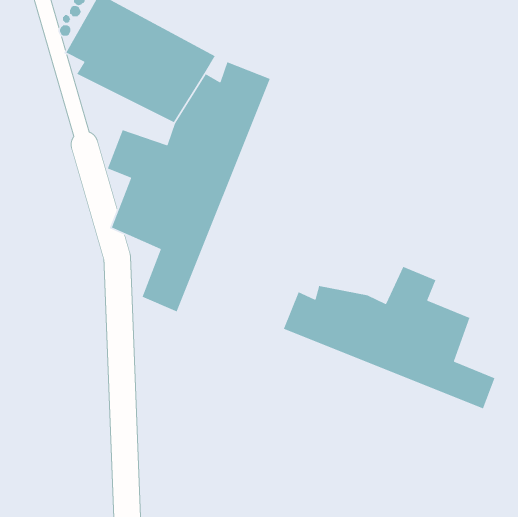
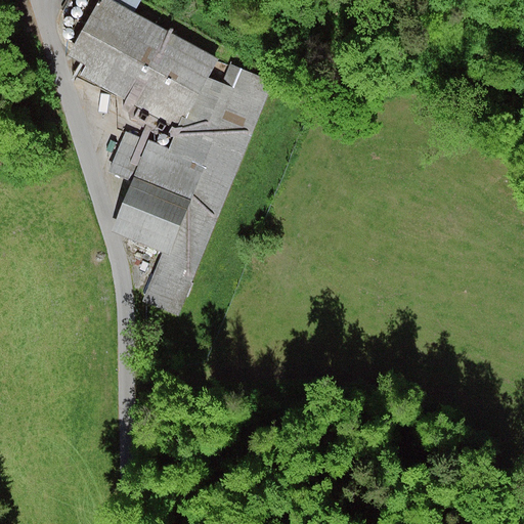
building: [283,266,495,409] -> none

